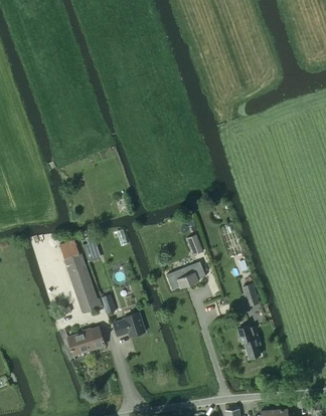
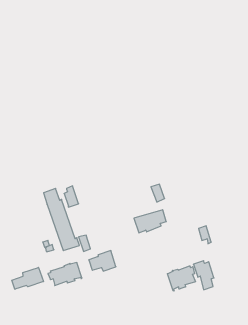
building: none -> [167,266,195,291]
building: none -> [12,267,43,289]

